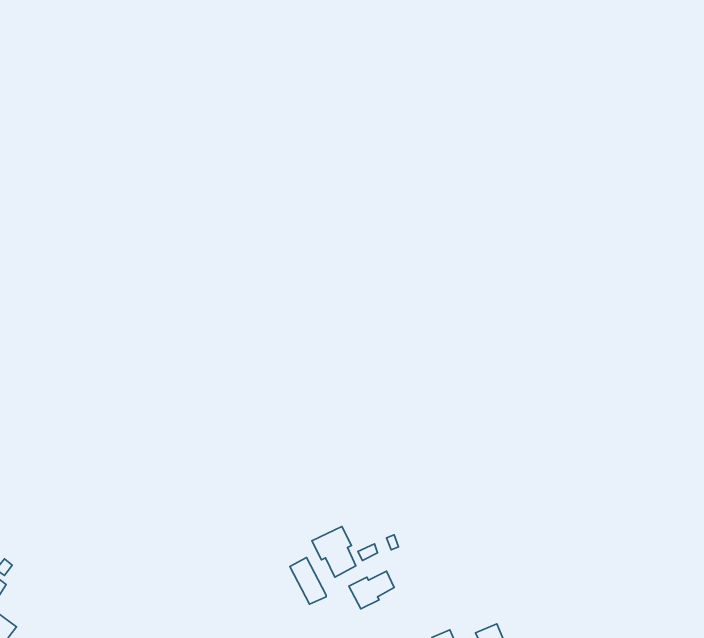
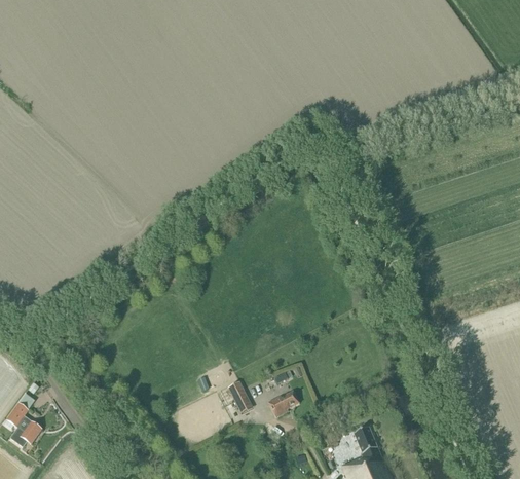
building: [312,526,356,577] -> none

